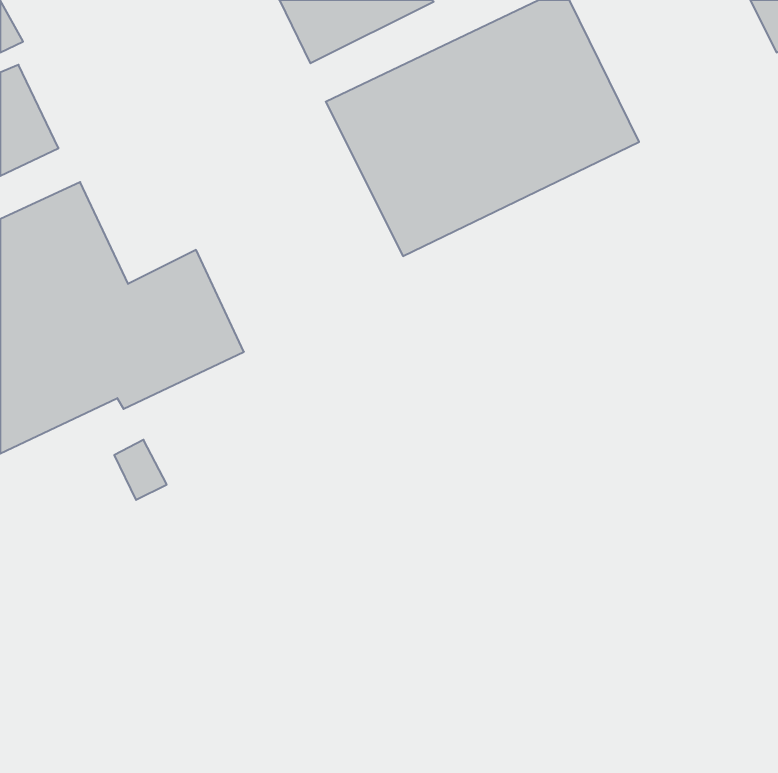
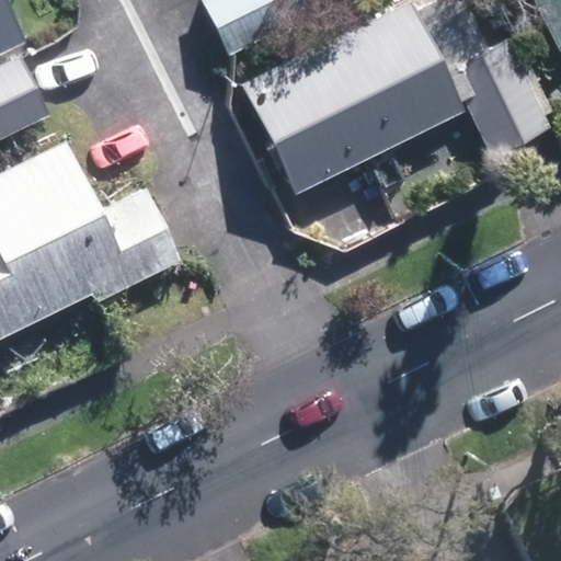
building: none -> [449,39,551,156]

